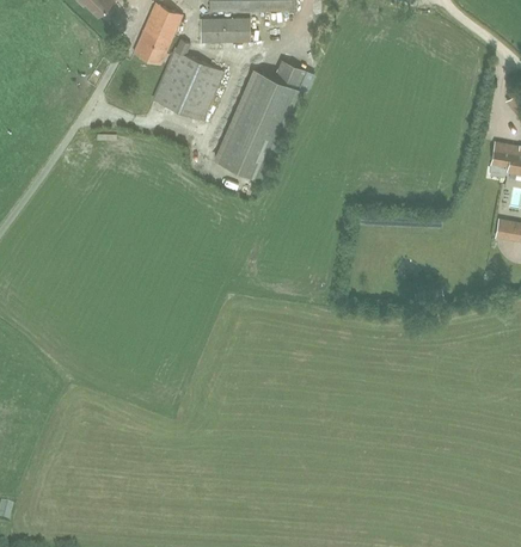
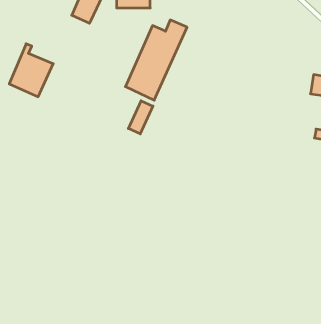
building: [157,41,222,119] -> [9,44,53,97]
building: none -> [128,101,153,134]

